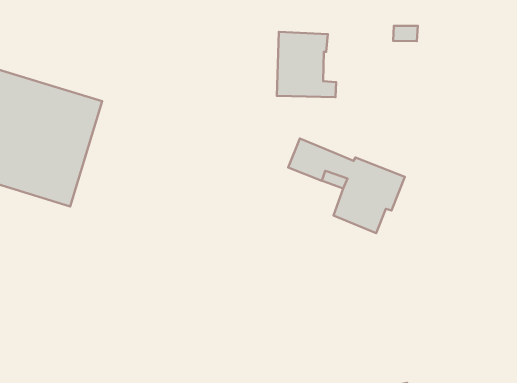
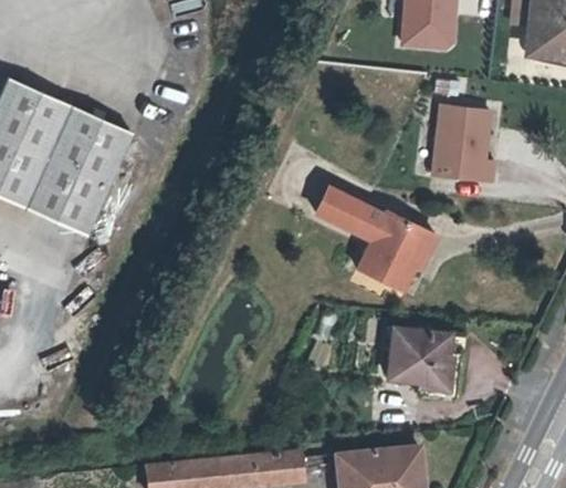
building: [277,32,336,97] -> [433,107,495,179]
building: none -> [388,328,462,401]

